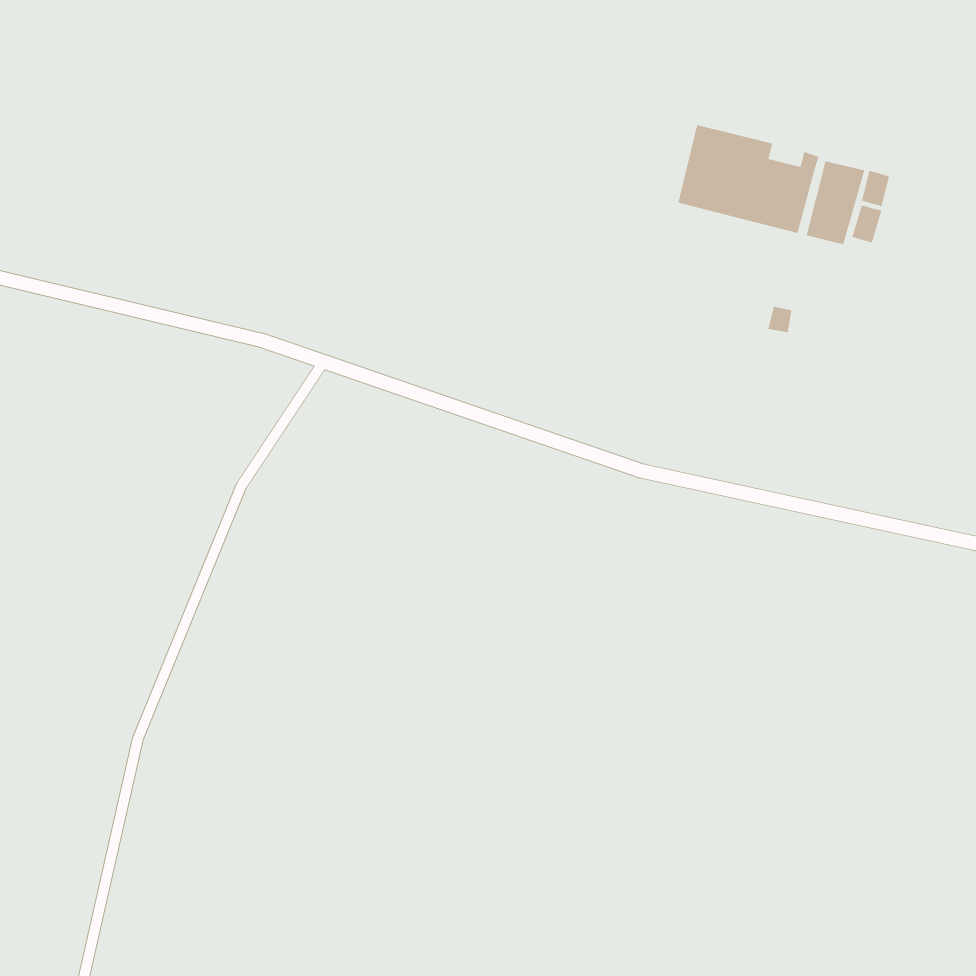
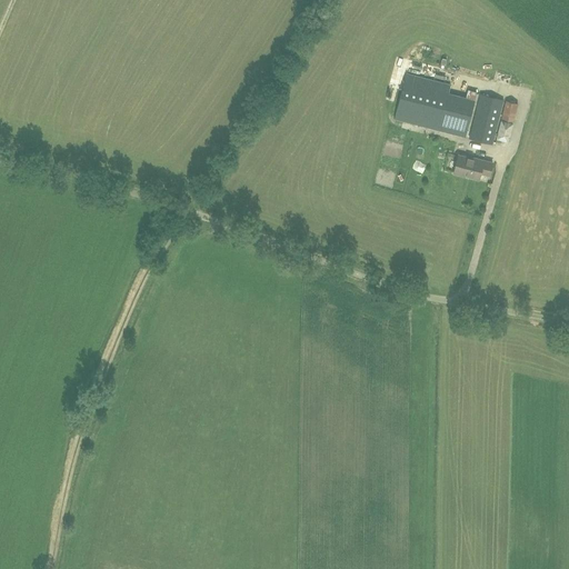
building: none -> [452,154,491,179]

